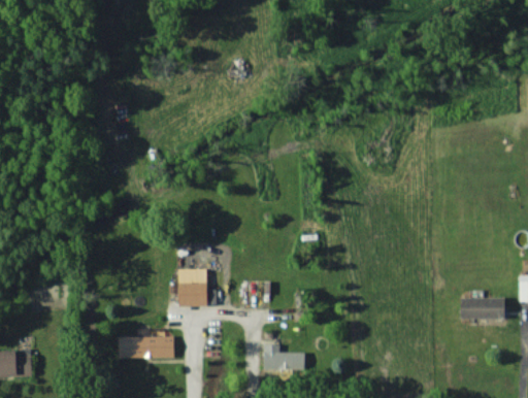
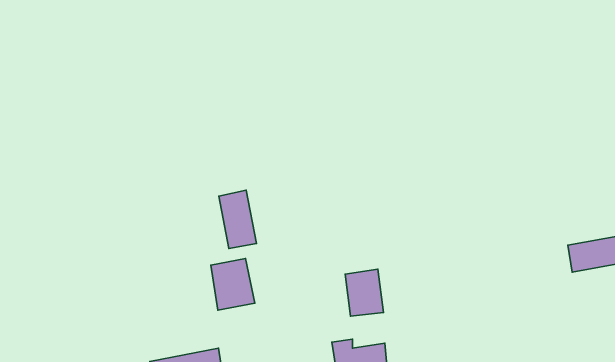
building: none -> [219,190,256,249]
building: none -> [345,269,384,316]

